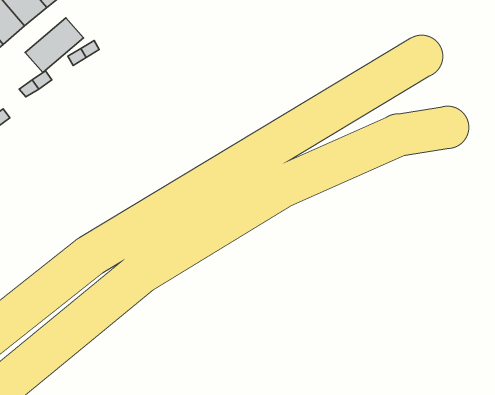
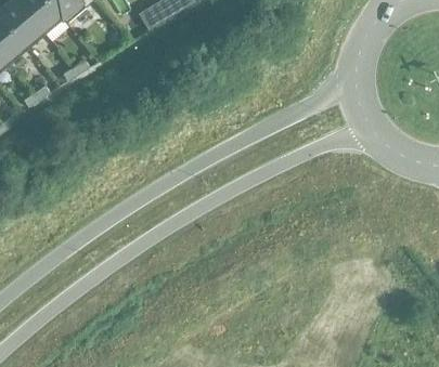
building: [25,18,83,73] -> none

